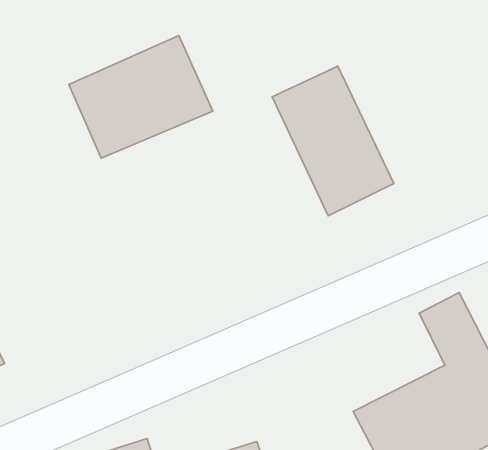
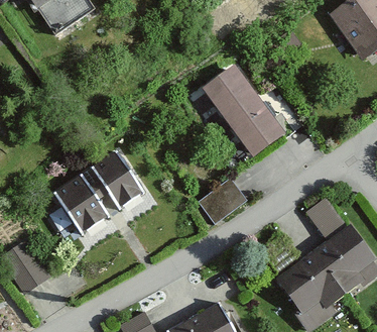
building: [69,35,213,158] -> [47,151,139,234]
building: none -> [200,178,244,220]

